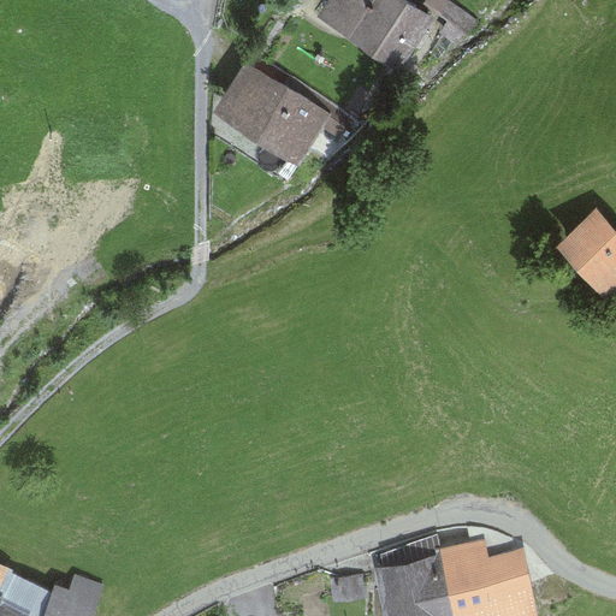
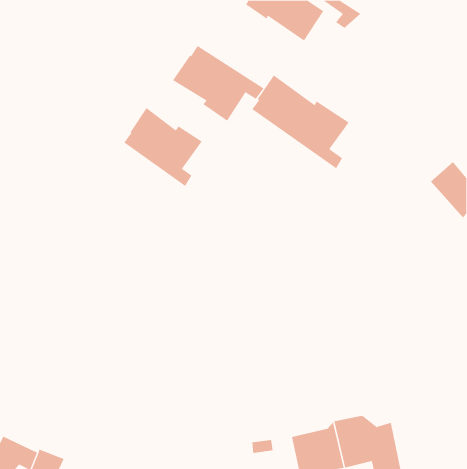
building: none -> [252,75,350,169]
building: none -> [124,107,202,187]

